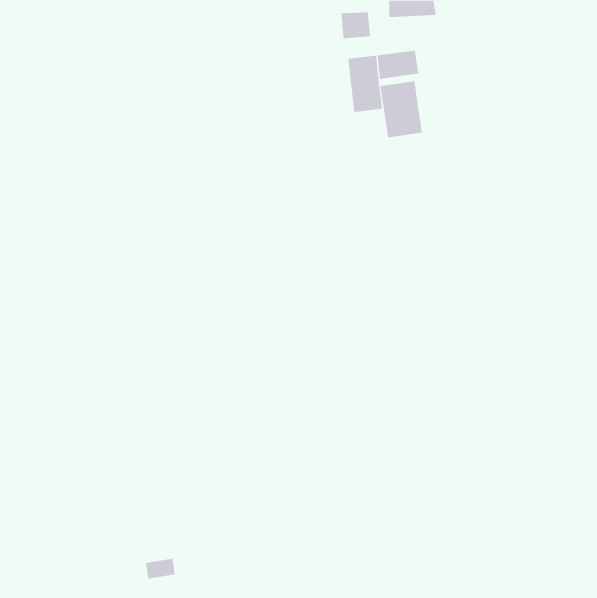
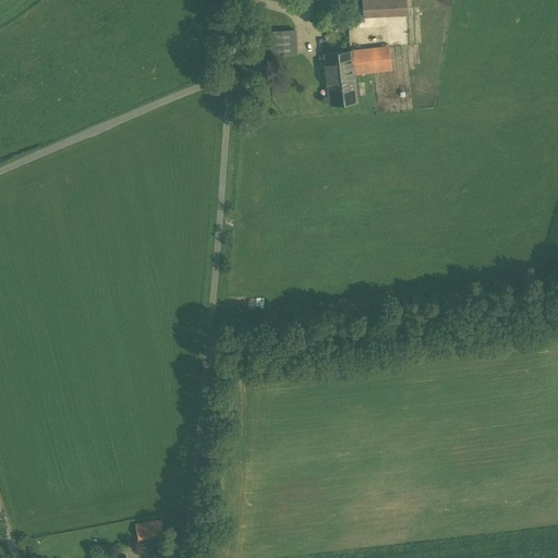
building: [341,12,371,39] -> [269,31,298,56]
building: [380,81,423,138] -> none

